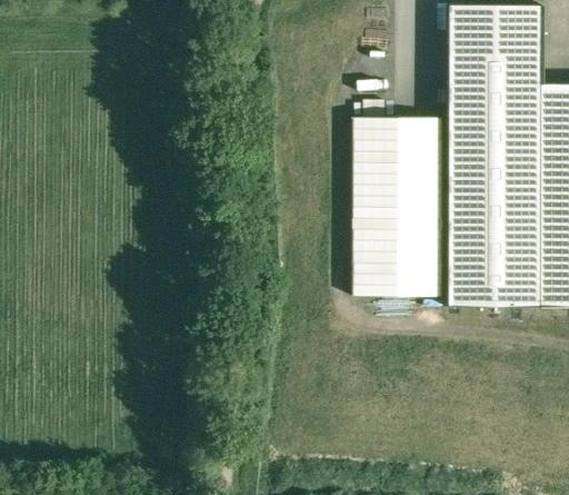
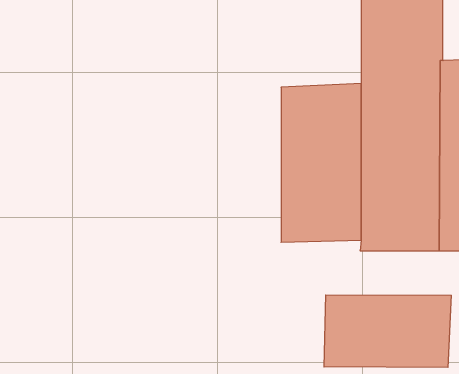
building: none -> [324,295,451,367]

